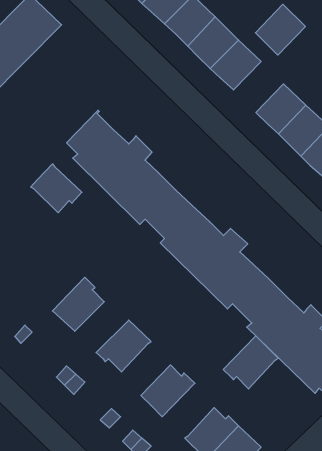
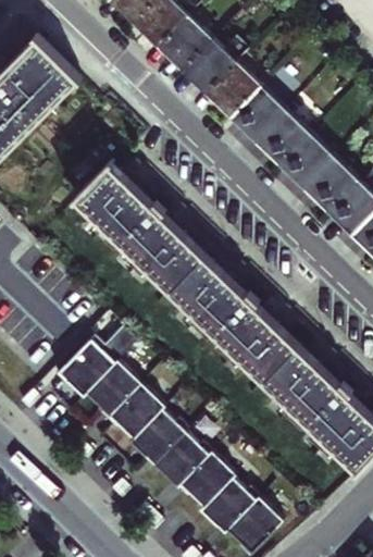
building: [255,4,305,55] -> [257,111,310,165]
building: [31,164,82,213] -> none
building: none -> [89,364,145,422]
building: [223,336,278,389] -> [181,455,239,511]
building: none -> [134,412,192,468]

